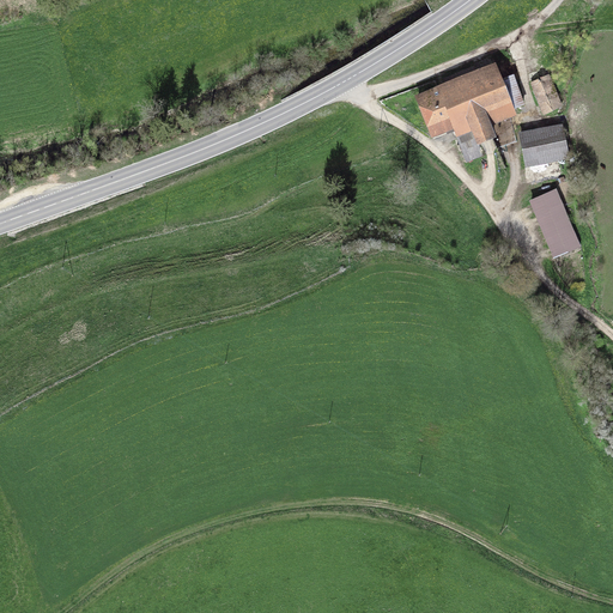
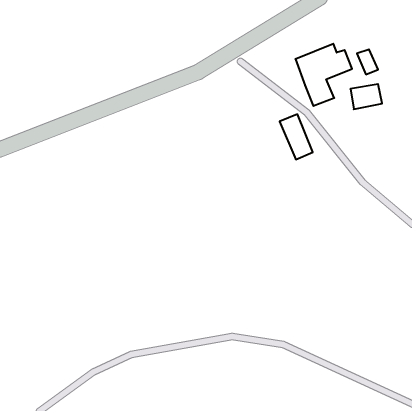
building: [415,87,451,131] -> none
building: [532,190,581,257] -> [280,114,313,159]

